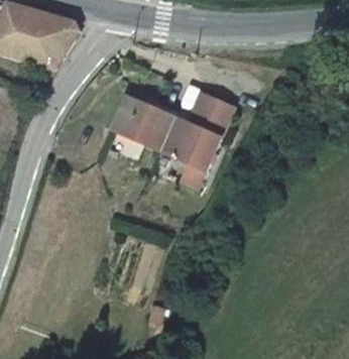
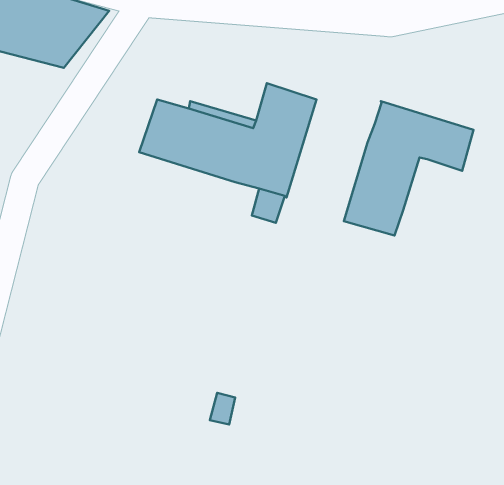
building: none -> [344,101,474,235]

